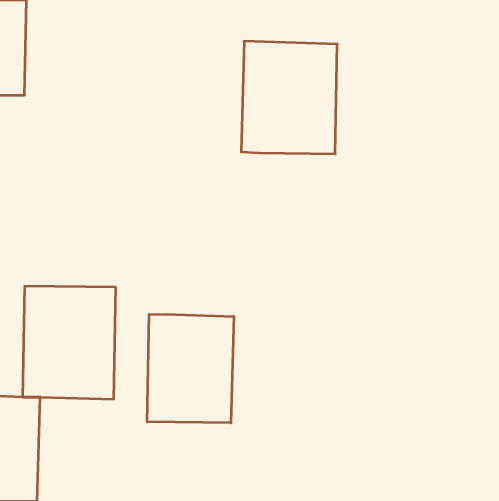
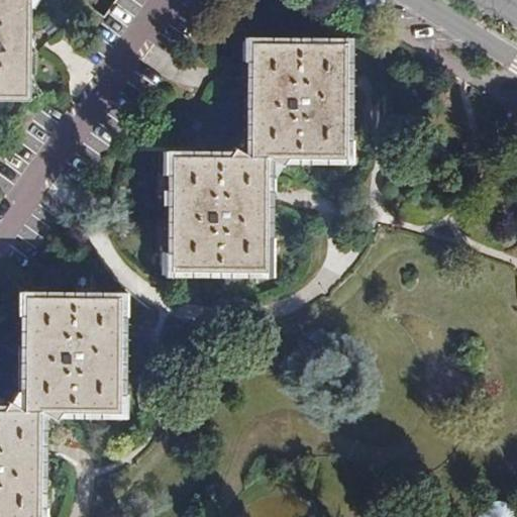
building: none -> [170,154,268,272]
building: [147,314,234,423] -> none

